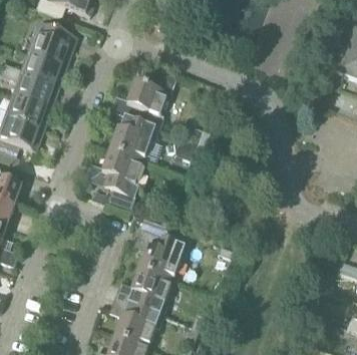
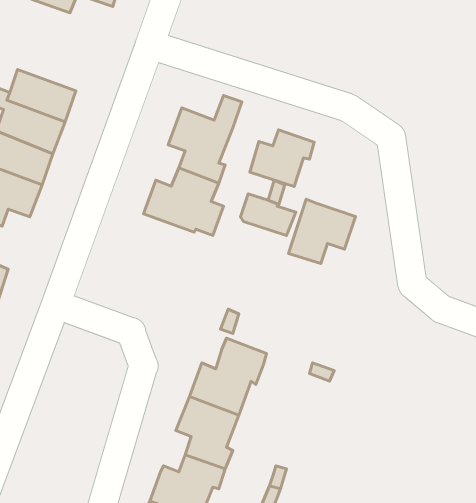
building: [27,23,77,69] -> none
building: none -> [250,130,314,187]
building: none -> [289,199,356,263]
building: [101,149,142,210] -> none

